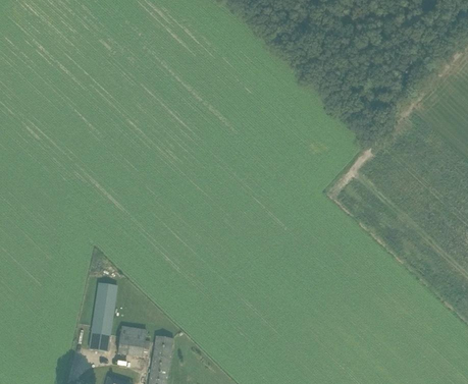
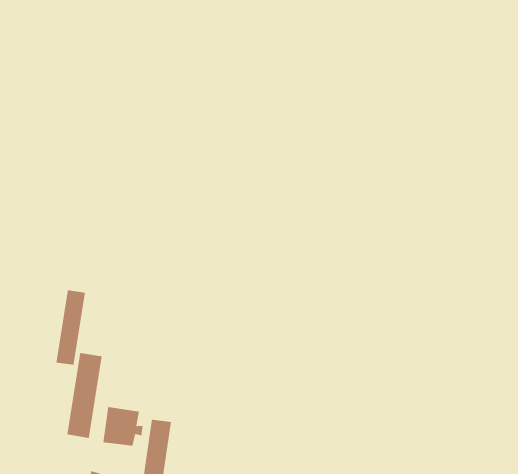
building: none -> [56,289,85,366]

